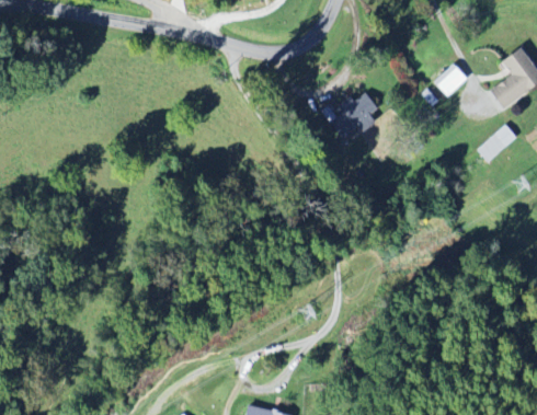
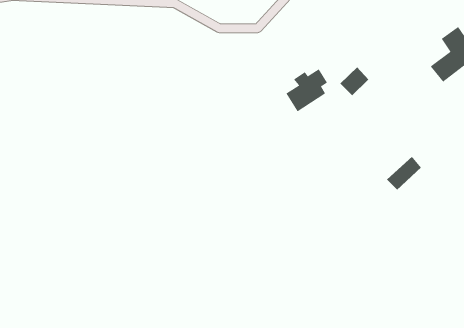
building: [435,64,468,96] -> [339,67,369,96]
building: [477,124,516,162] -> [386,156,422,190]

